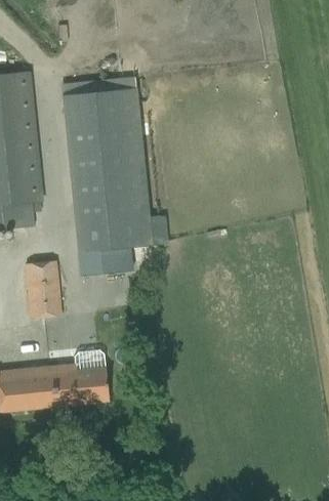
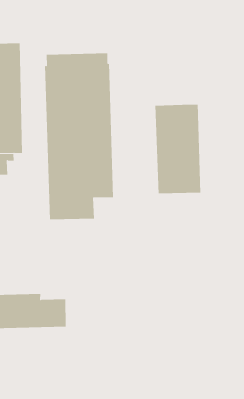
building: none -> [155,104,201,194]
building: [28,259,65,318] -> none

